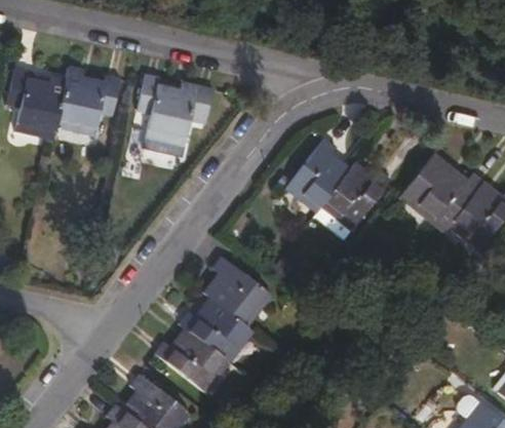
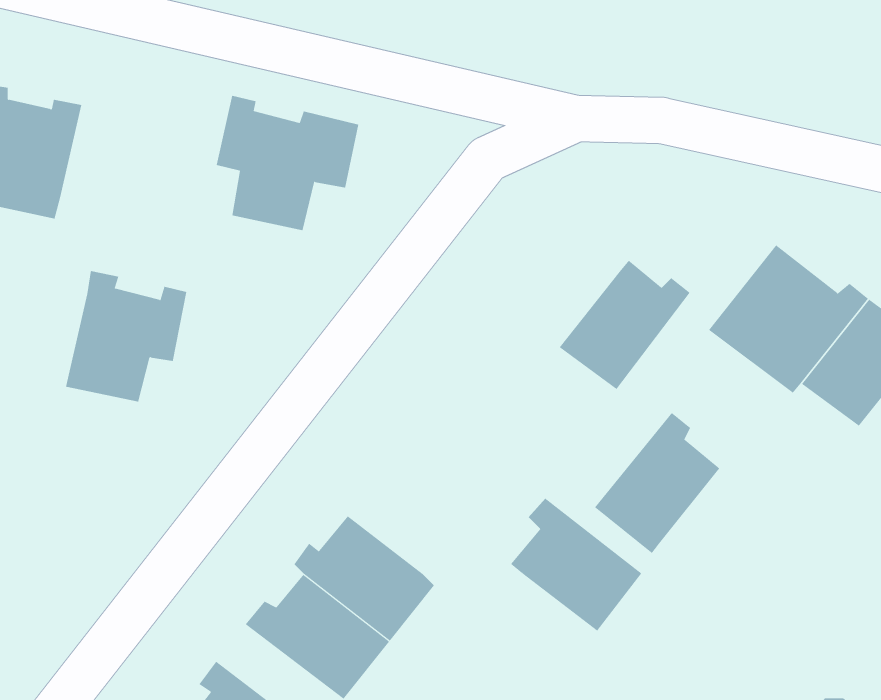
building: [56,67,121,137] -> [65,271,187,402]
building: [285,138,352,212] -> [594,412,720,554]
building: [202,257,272,327] -> [510,498,642,631]

